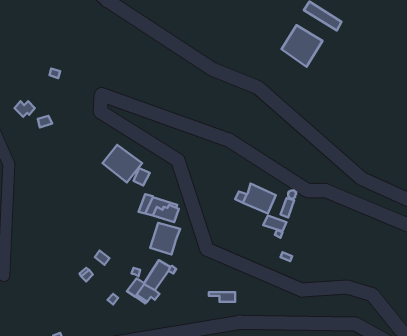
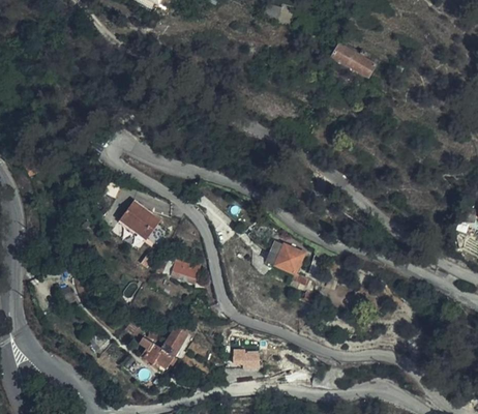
building: [282,25,322,67] -> none
building: [150,223,180,255] -> none

